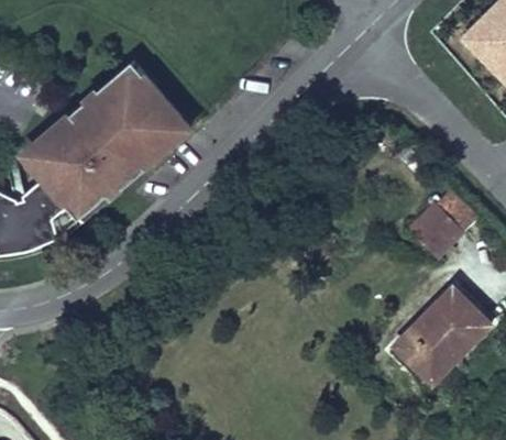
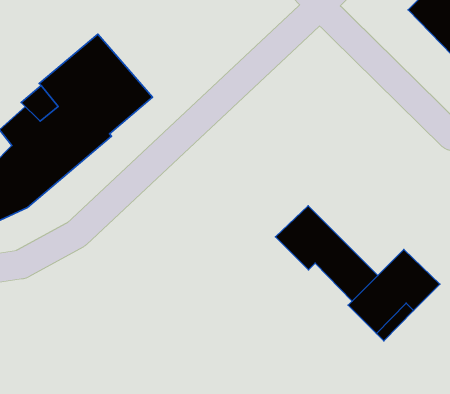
building: [408,201,463,255] -> none
building: none -> [276,206,378,301]

